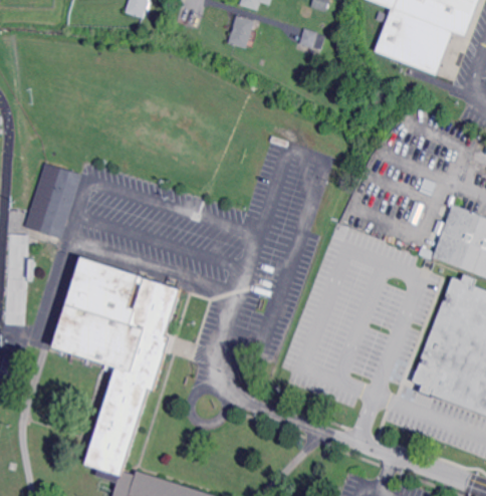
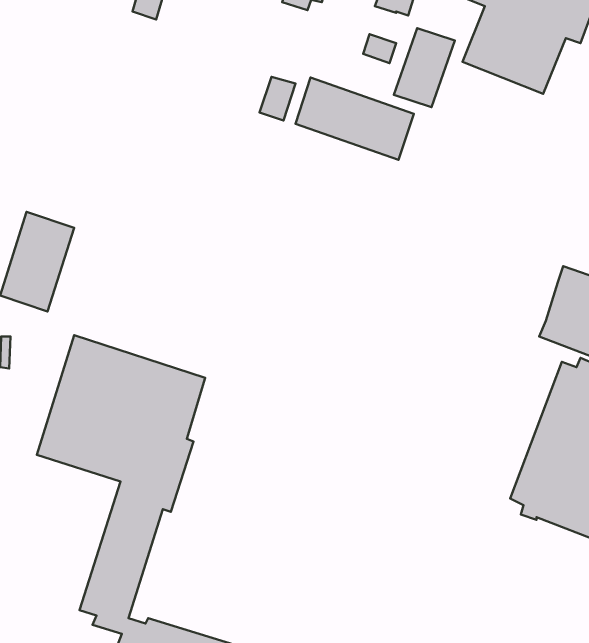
building: [227,15,254,48] -> [260,77,295,121]
building: none -> [394,28,455,107]
building: none -> [295,78,414,160]

